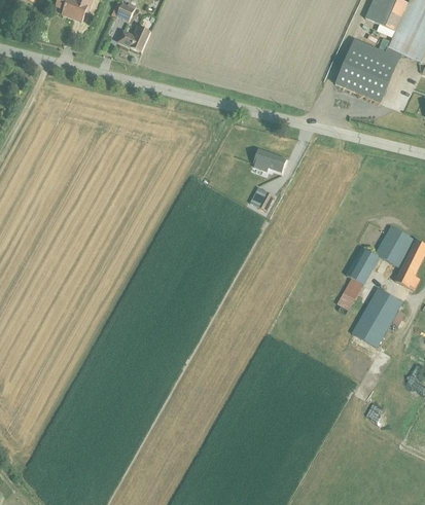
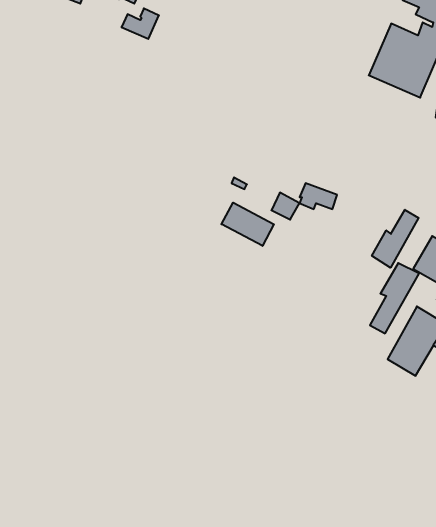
building: [253,148,286,171] -> [300,183,337,209]
building: none -> [221,203,274,246]
building: none -> [372,210,419,268]

